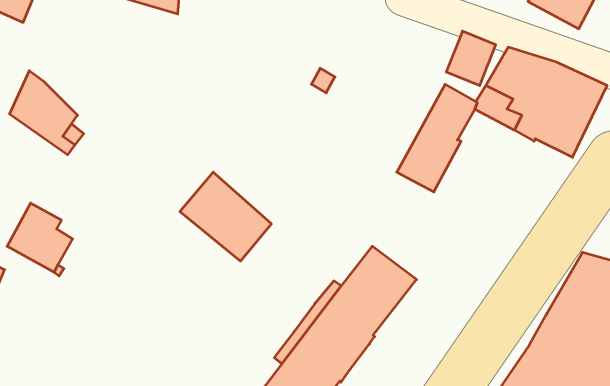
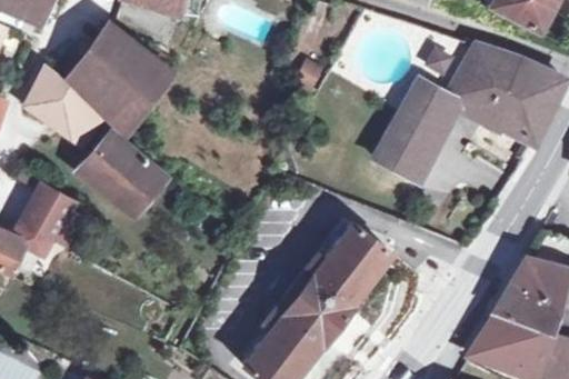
building: none -> [70,27,170,128]
building: [180,172,271,261] -> [81,132,163,212]

